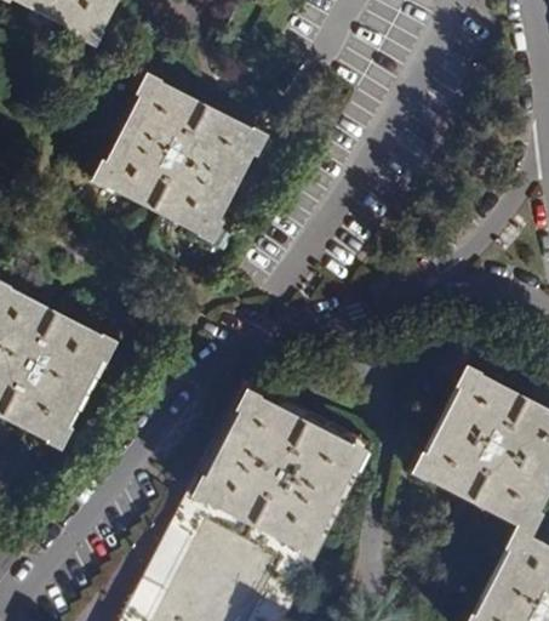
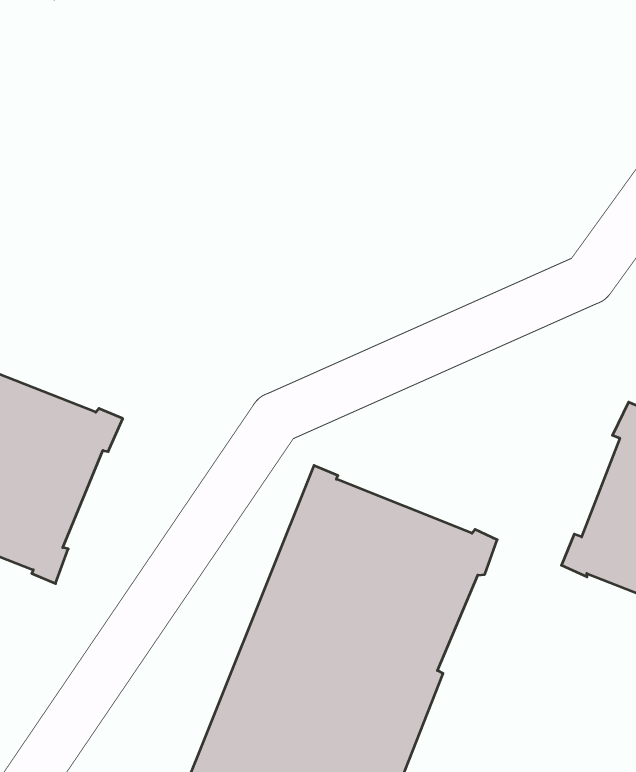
building: [92,73,270,245] -> none

